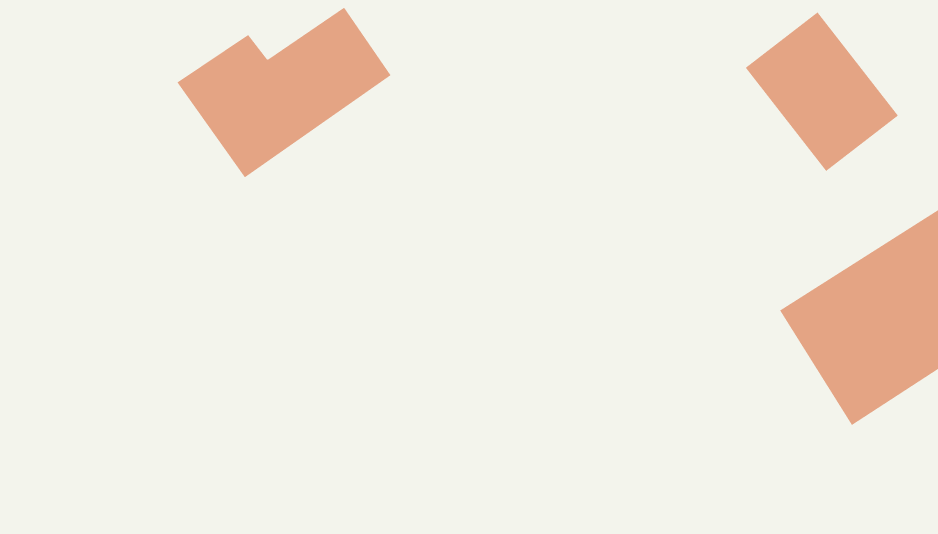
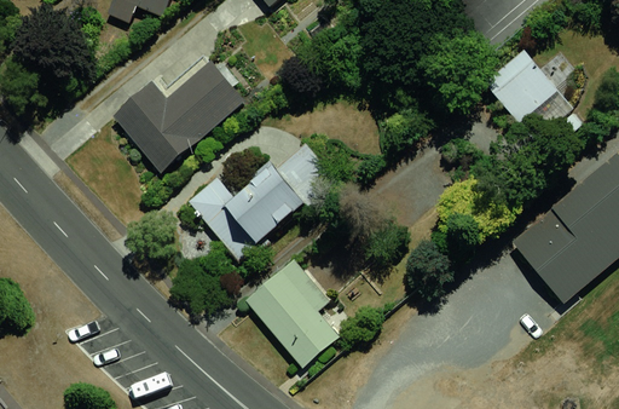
building: none -> [197,168,312,263]
building: none -> [253,259,346,368]

